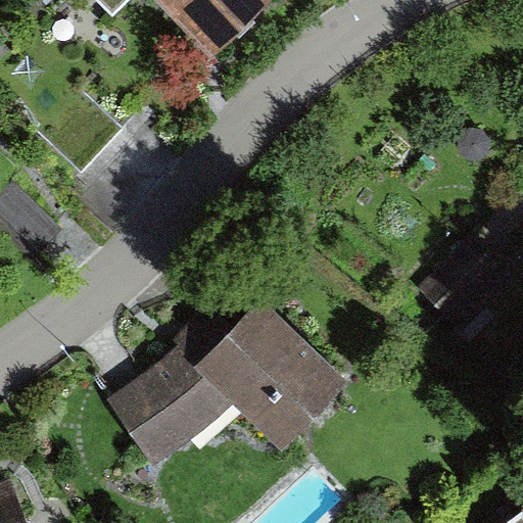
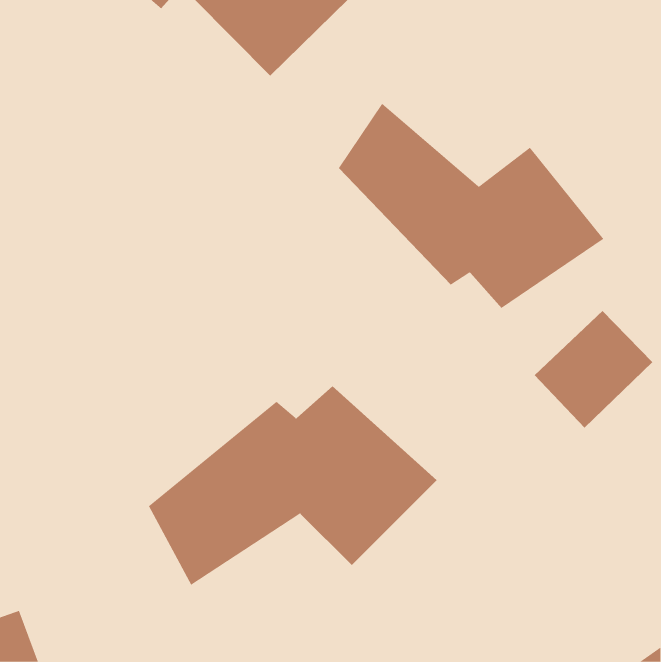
building: none -> [338,103,604,309]

